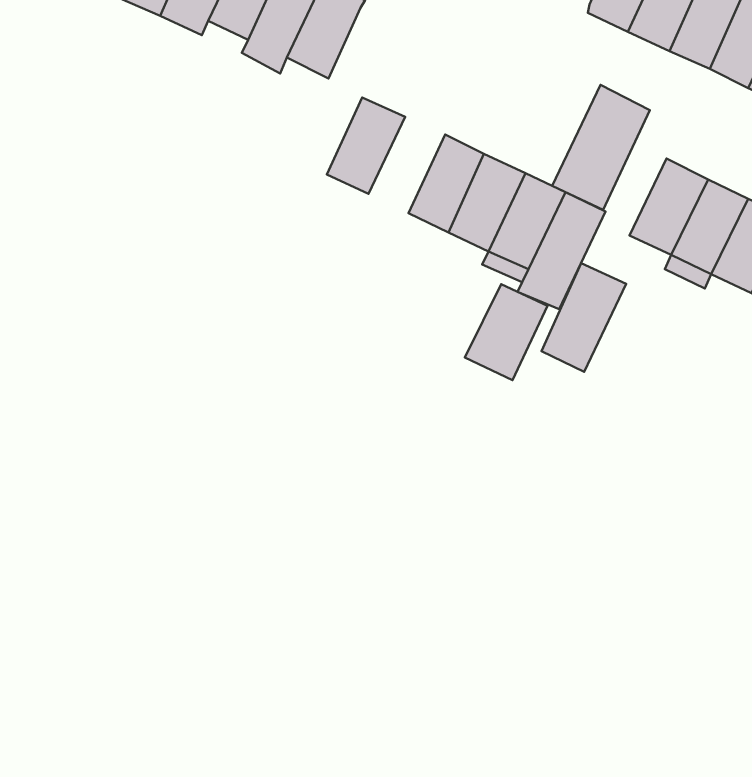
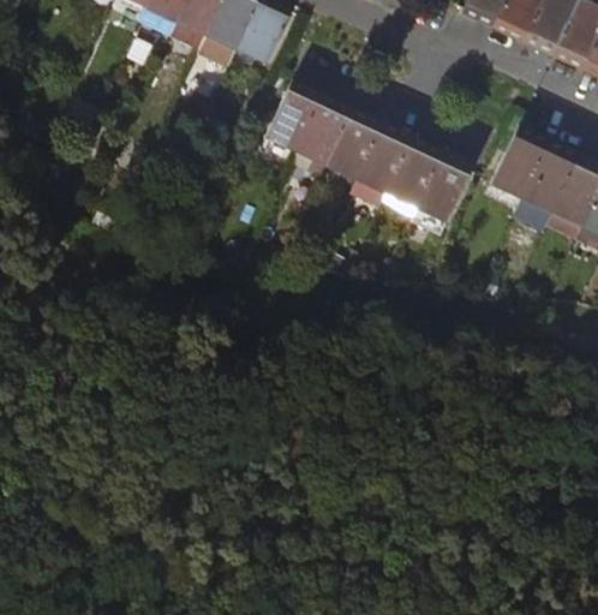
building: [552,85,650,210] -> none
building: none -> [297,92,354,165]
building: [541,263,626,372] -> none
building: [465,284,548,380] -> none

